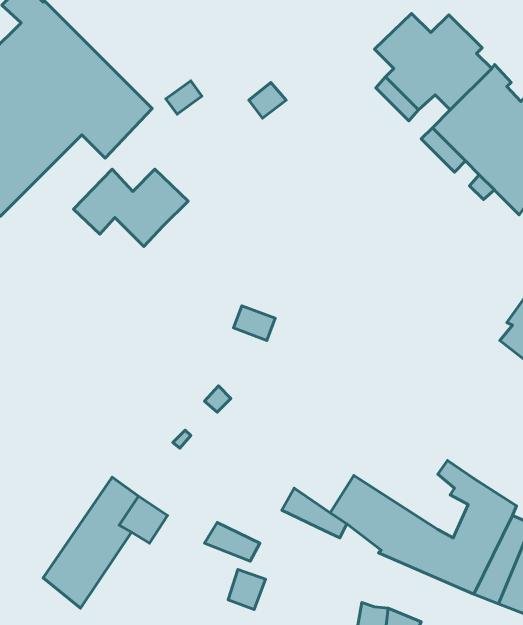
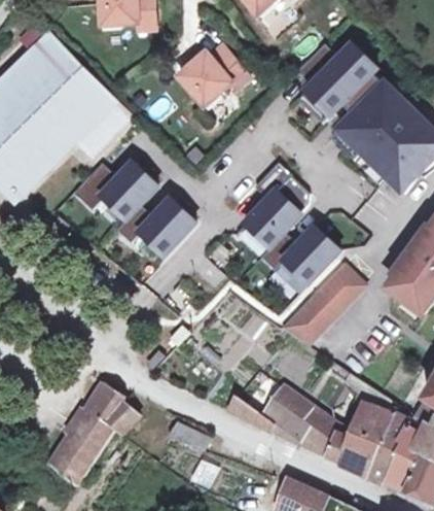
building: none -> [178,40,248,101]
building: none -> [243,160,338,281]
building: none -> [115,196,194,252]
building: none -> [283,261,363,343]

